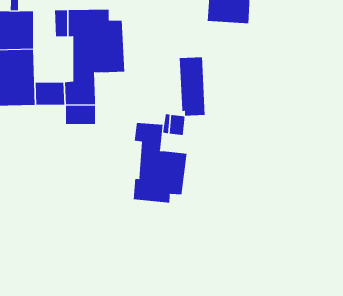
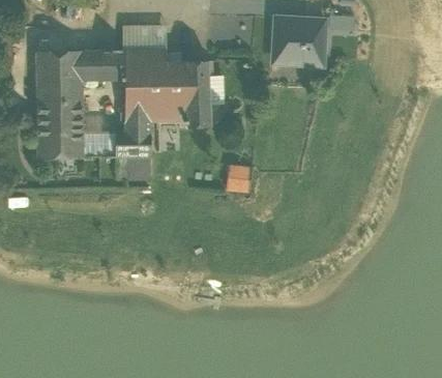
building: none -> [81,49,105,79]
building: [179,57,205,116] -> [180,59,210,125]
building: [133,122,187,203] -> none

